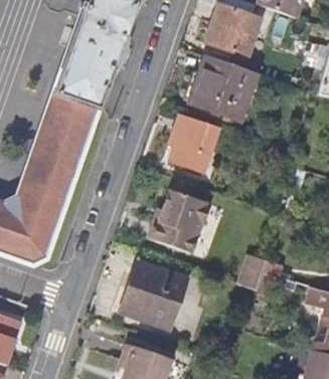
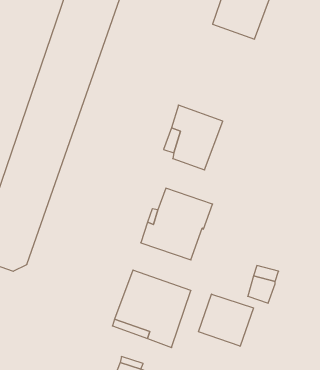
building: [188,56,257,124] -> none
building: none -> [199,294,254,346]

